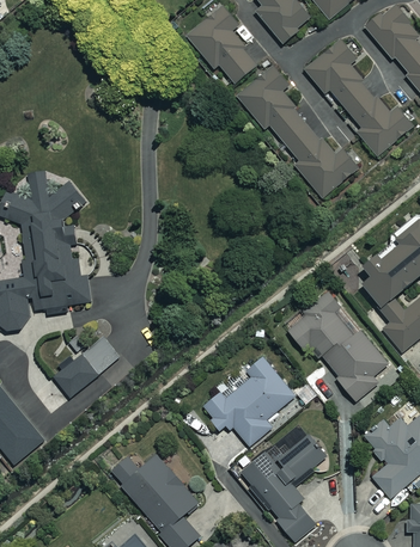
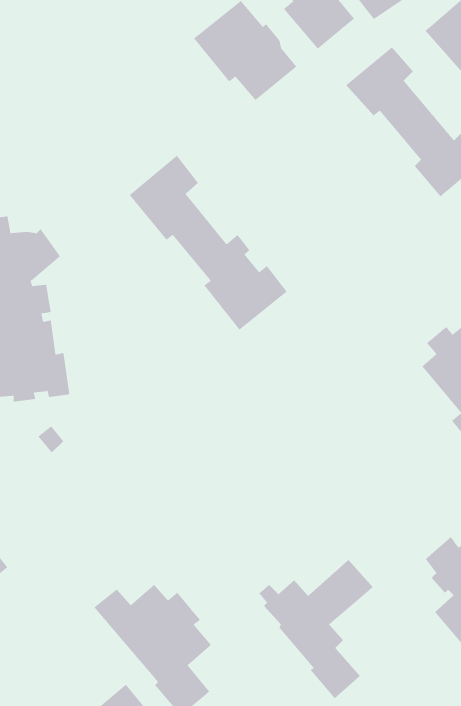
building: [235,62,357,197] -> [129,155,287,331]
building: [284,290,386,400] -> none
building: [53,336,118,395] -> none
building: [201,354,294,444] -> none

